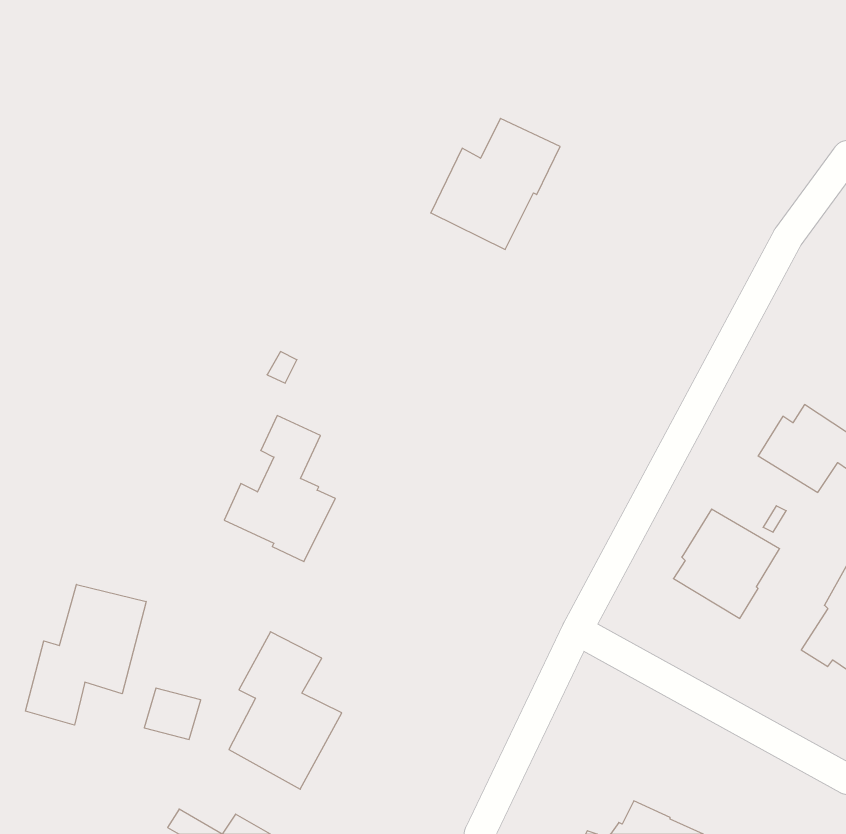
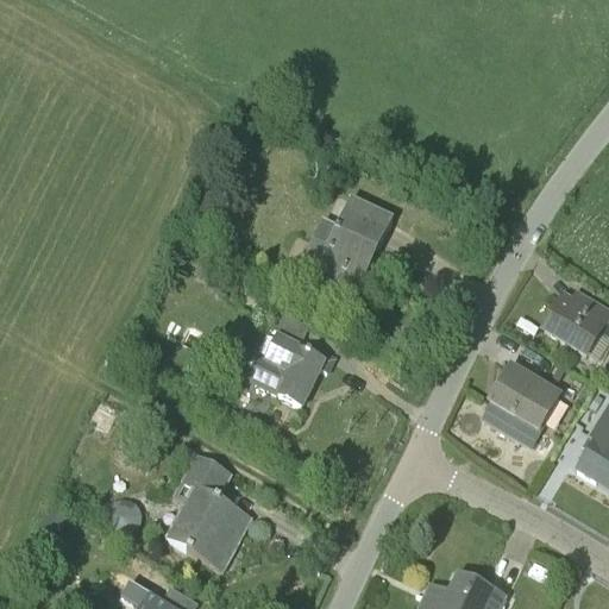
building: [431,118,560,249] -> [301,195,394,289]
building: [224,416,335,562] -> [244,300,324,404]
building: [26,584,146,725] -> none

